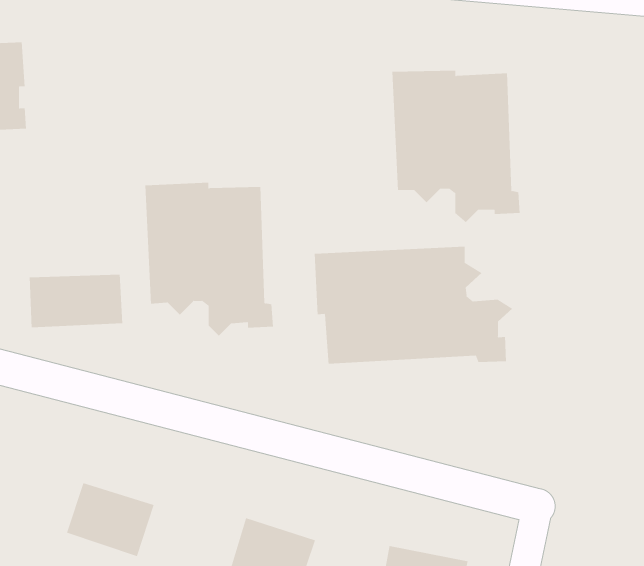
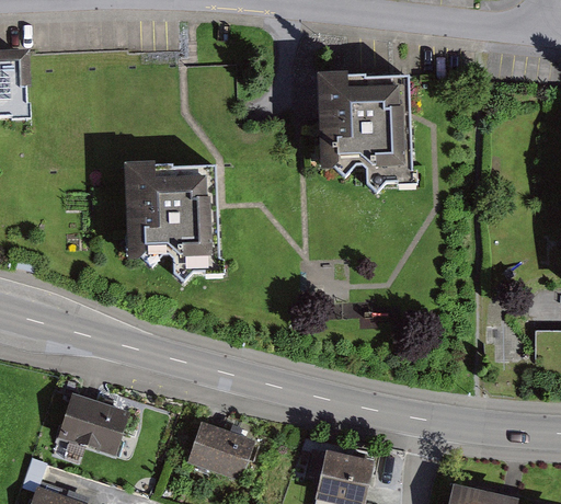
building: [314,246,513,364] -> none
building: [29,274,123,328] -> none

